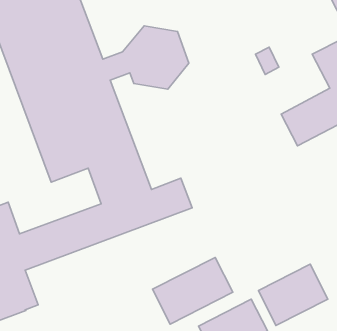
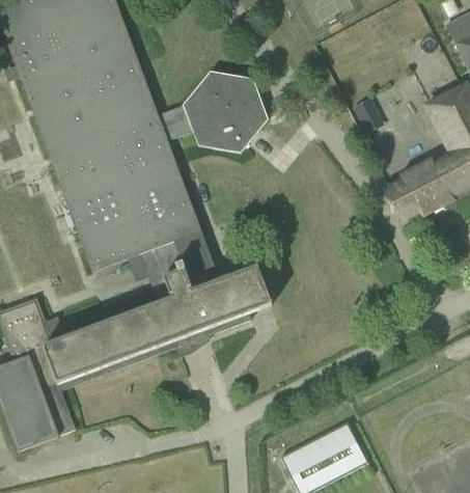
building: [153,257,233,324] -> none
building: [258,264,328,325] -> none

